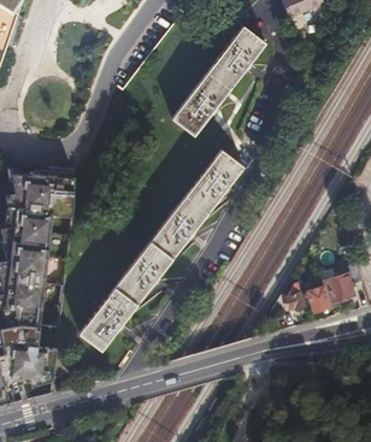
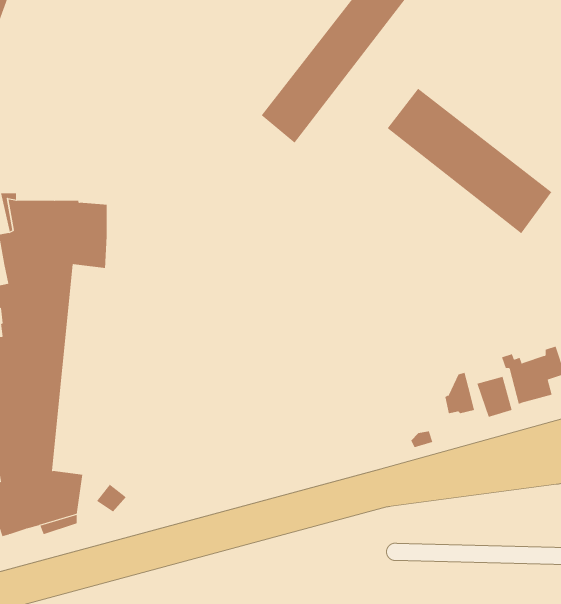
building: none -> [387,88,552,234]
building: [80,149,243,352] -> none

